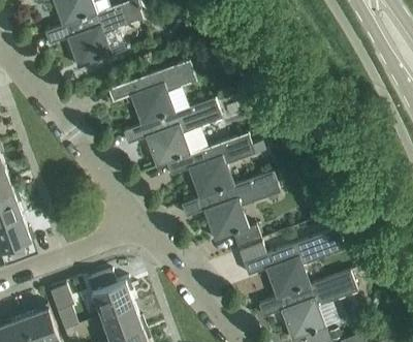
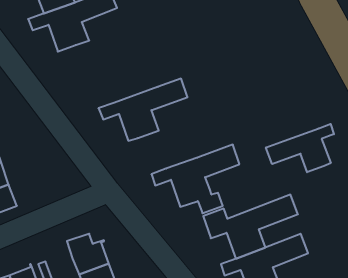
building: [108,61,197,125] -> none
building: [166,134,265,198] -> none
building: none -> [266,124,334,172]

